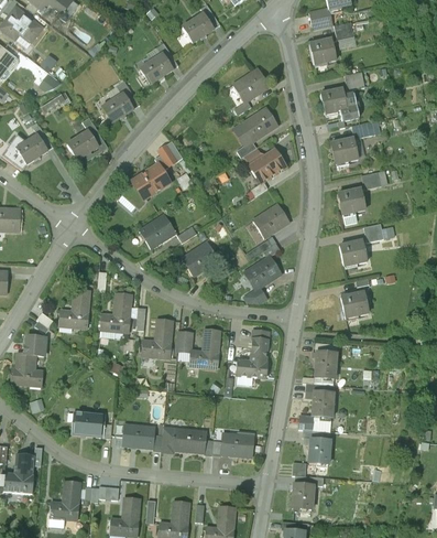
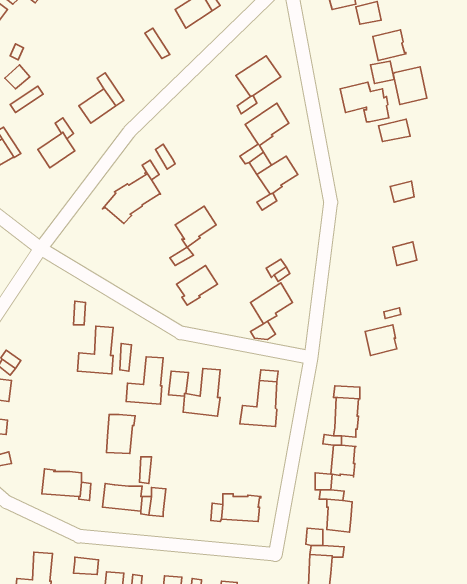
building: [309,39,337,64] -> [373,30,406,60]
building: [140,54,171,83] -> none
building: none -> [393,67,427,105]
building: [330,138,359,163] -> none
building: [338,187,365,223] -> none
building: [252,203,287,237] -> none
building: [140,214,174,248] -> [175,206,216,247]
building: [338,238,365,262] -> none
building: [58,289,88,327] -> none
building: none -> [107,415,135,453]
building: [172,428,206,451] -> none

